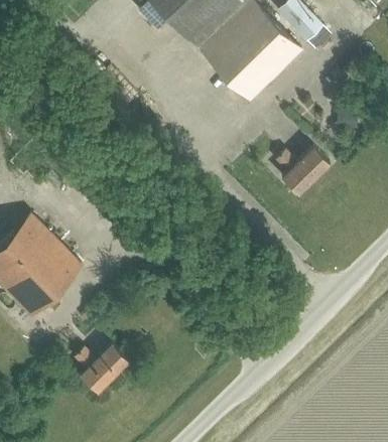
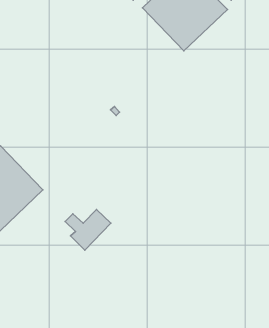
building: [276,147,331,194] -> none
building: [75,344,129,393] -> [65,210,111,250]

